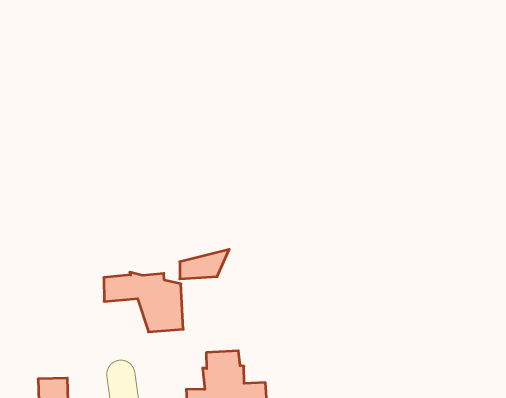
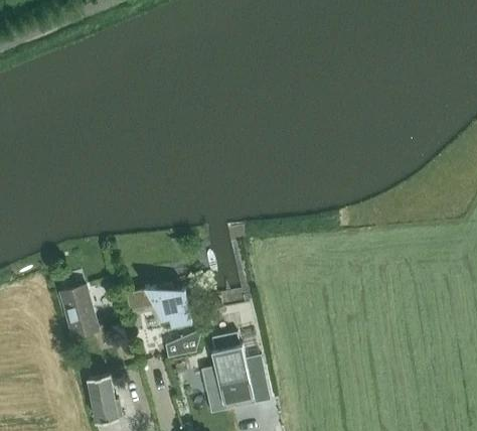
building: [180,249,229,279] -> [165,329,201,357]
building: none -> [60,285,98,337]

